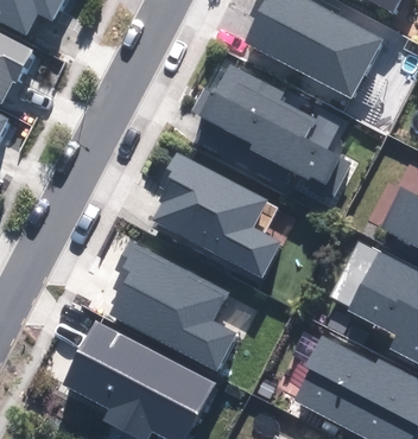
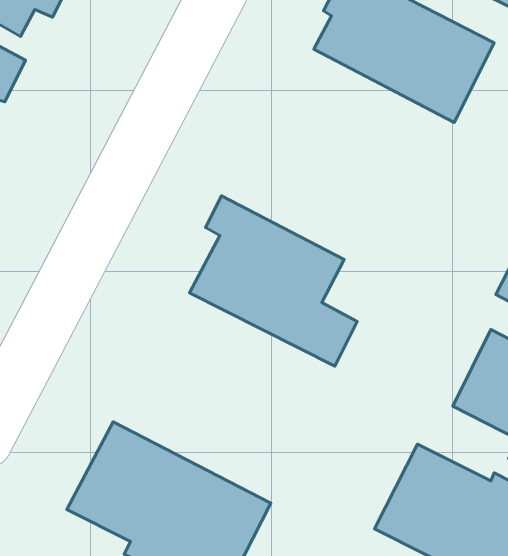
building: [195,65,350,195] -> none
building: [110,242,234,369] -> none

